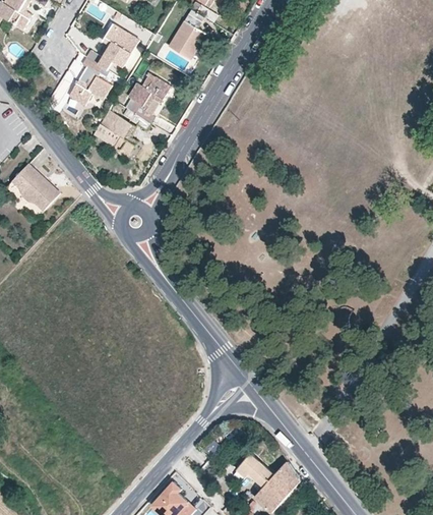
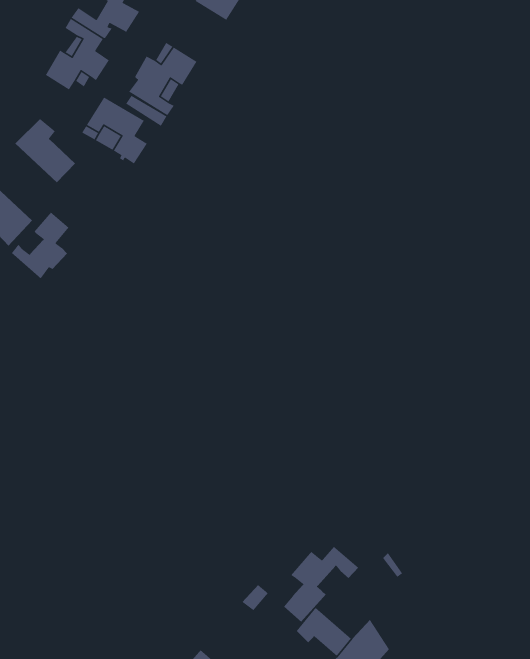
building: none -> [15,118,76,183]
building: none -> [11,212,69,280]
building: none -> [283,546,359,622]

